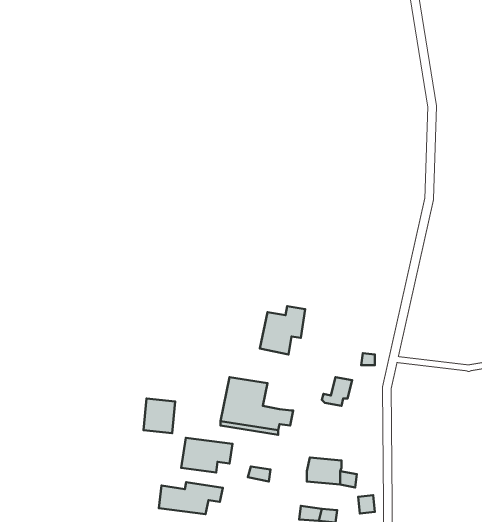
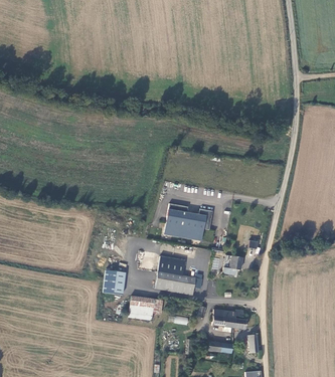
building: none -> [163,203,187,237]
building: [159,482,223,514] -> none

